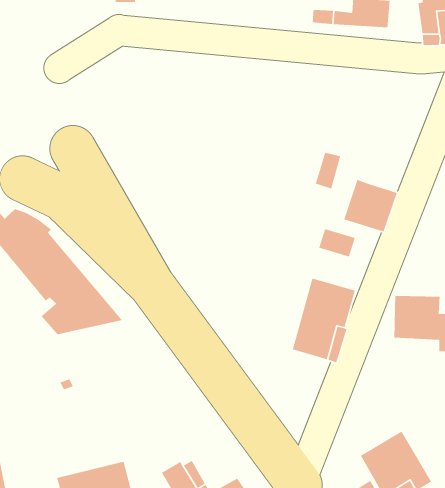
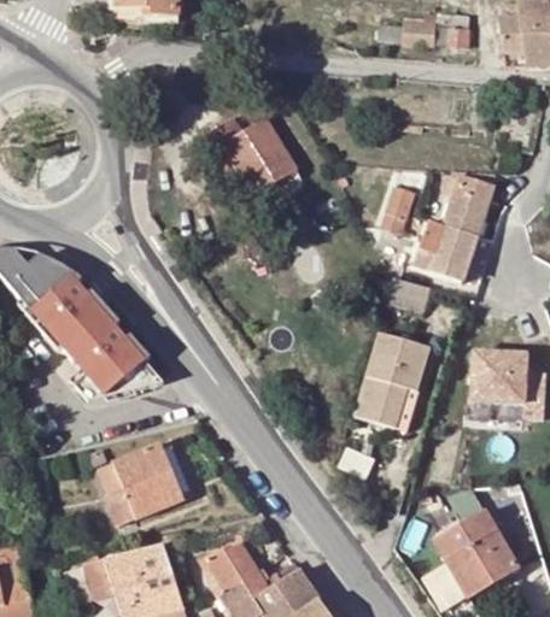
building: none -> [203,116,296,195]
building: none -> [443,174,495,235]
building: none -> [99,442,189,524]

